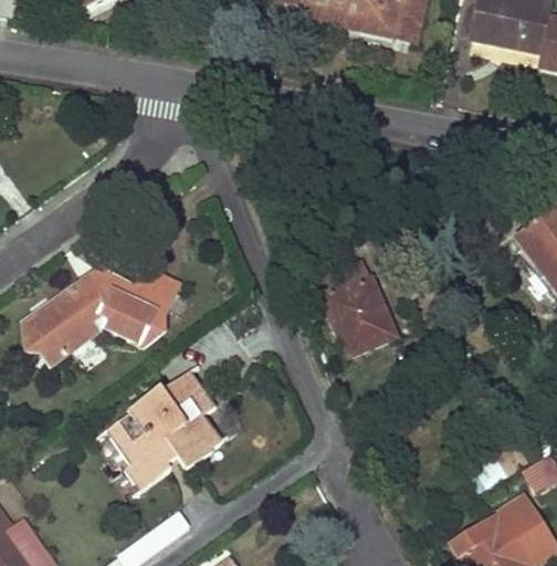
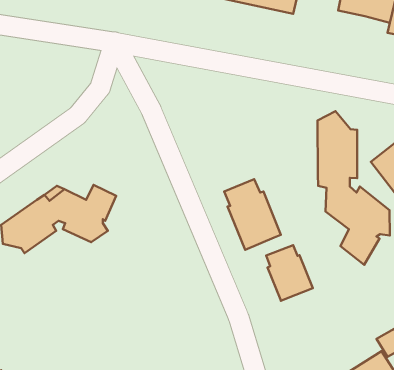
building: none -> [317,111,390,265]
building: none -> [266,245,313,301]
building: [108,373,221,489] -> none

